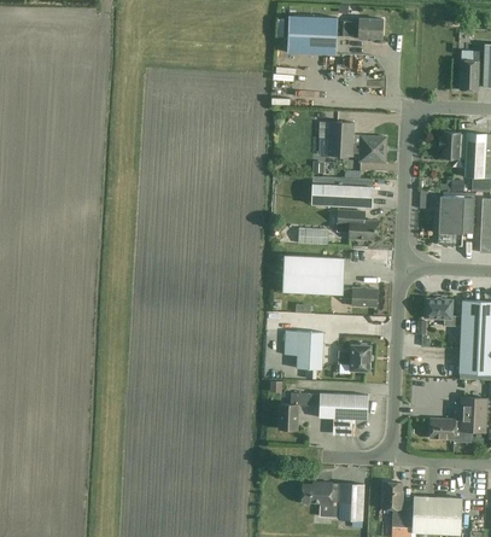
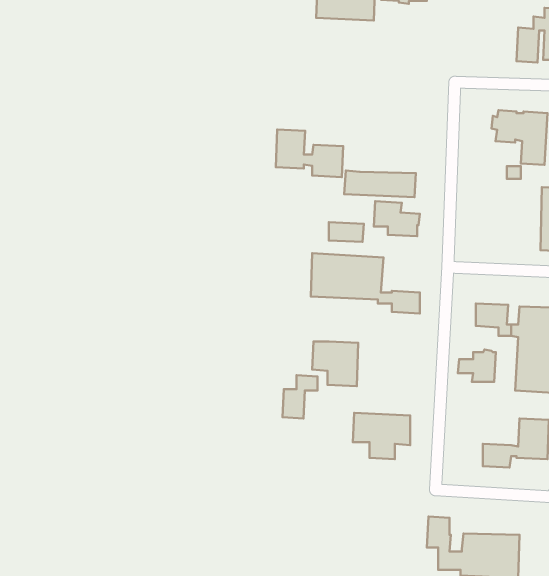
building: [328,122,386,163] -> [276,129,343,177]
building: [438,193,475,246] -> none
building: [338,343,370,370] -> [458,349,496,382]
building: [279,392,309,430] -> [283,375,318,418]
building: [302,483,364,520] -> none

